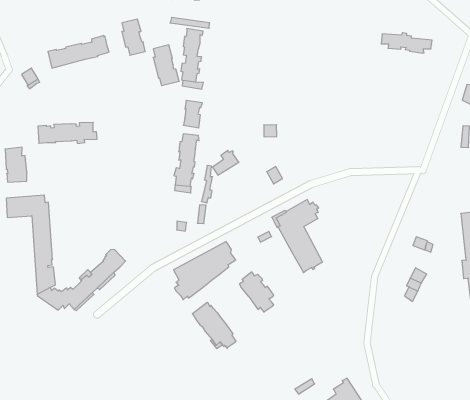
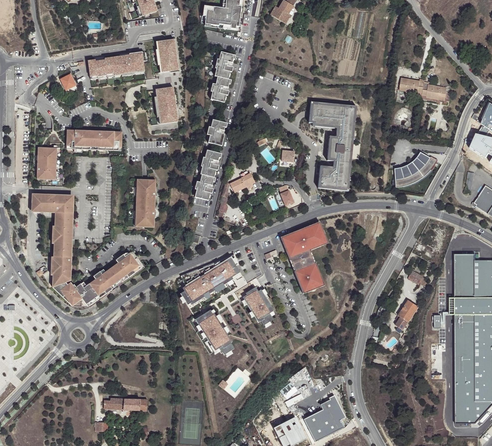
building: [153,45,179,85] -> [156,86,178,123]
building: none -> [307,104,354,192]
building: none -> [394,153,437,188]
building: none -> [139,178,159,226]

